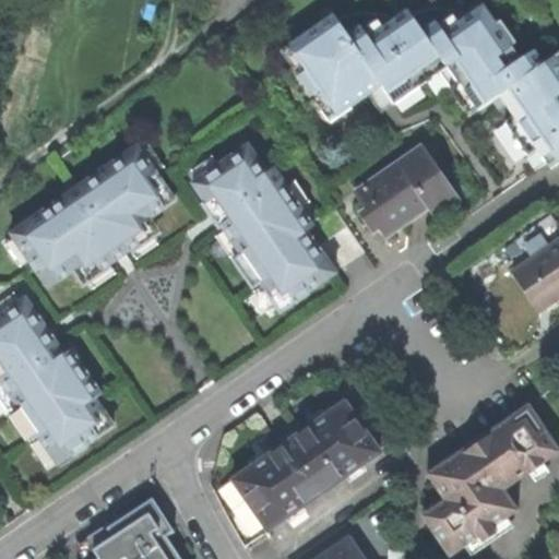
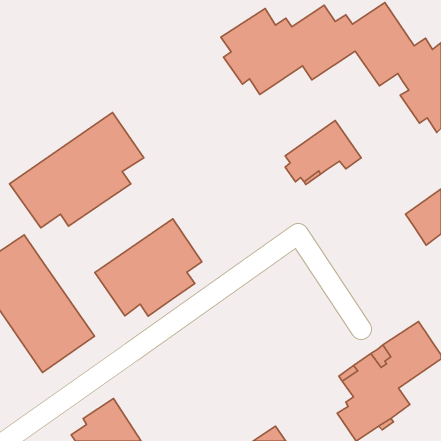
building: [192,140,344,314] -> none
building: [355,142,460,199] -> none
building: none -> [95,219,202,316]
building: [231,400,380,528] -> none

